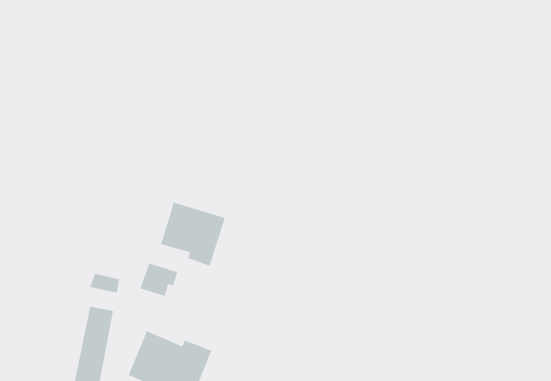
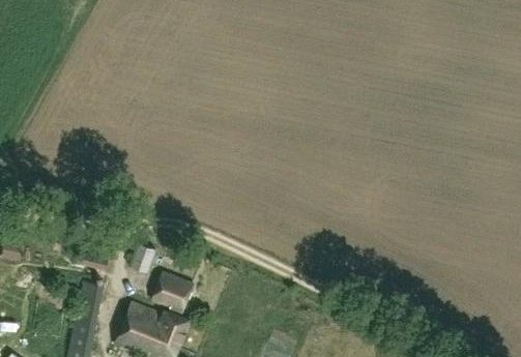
building: [160,202,226,267] -> none
building: none -> [150,270,194,308]

